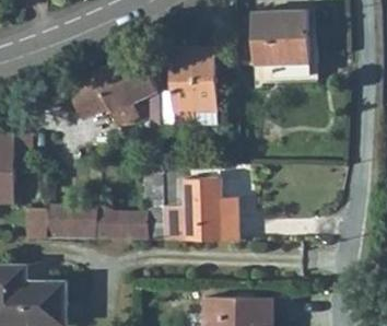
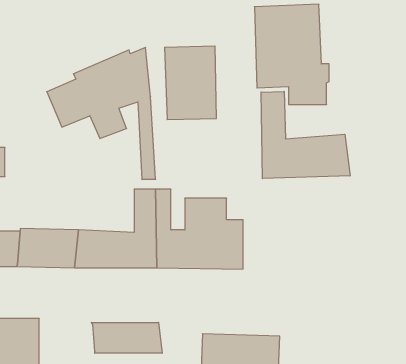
building: none -> [261,91,350,179]
building: none -> [91,322,162,353]

